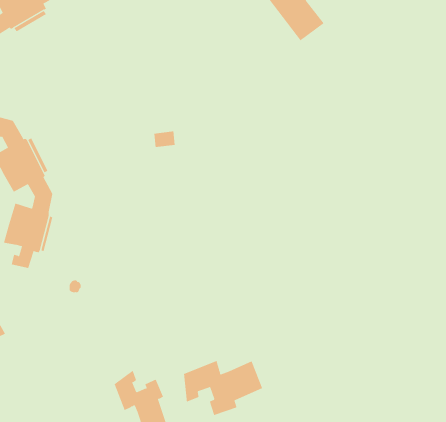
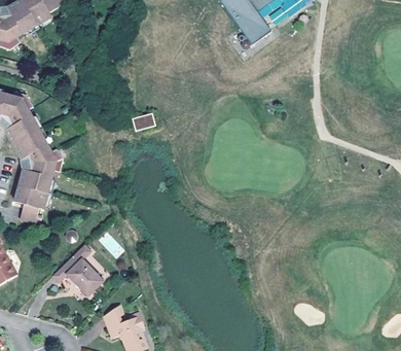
building: none -> [52,245,104,296]
building: [183,360,263,416] -> none

